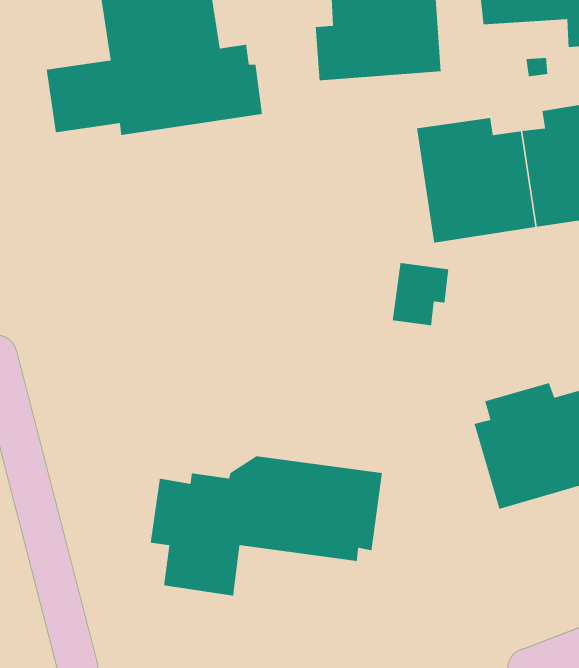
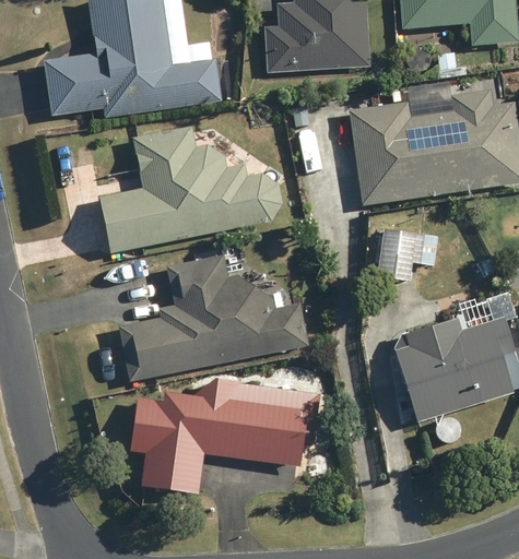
building: none -> [98,124,283,253]
building: [392,262,449,326] -> [377,228,424,281]
building: none -> [119,253,309,380]

